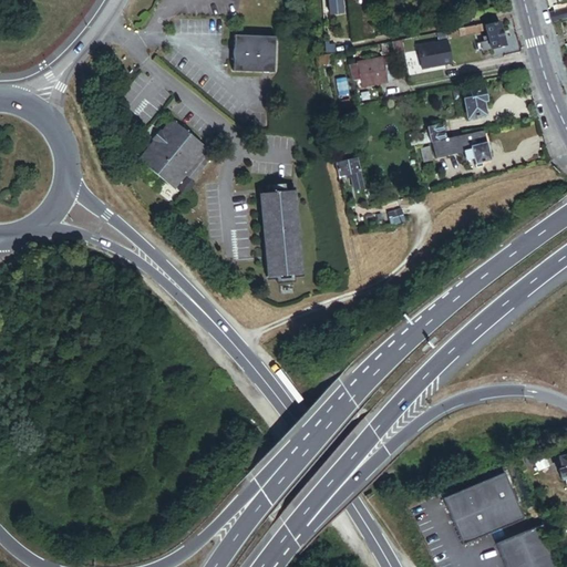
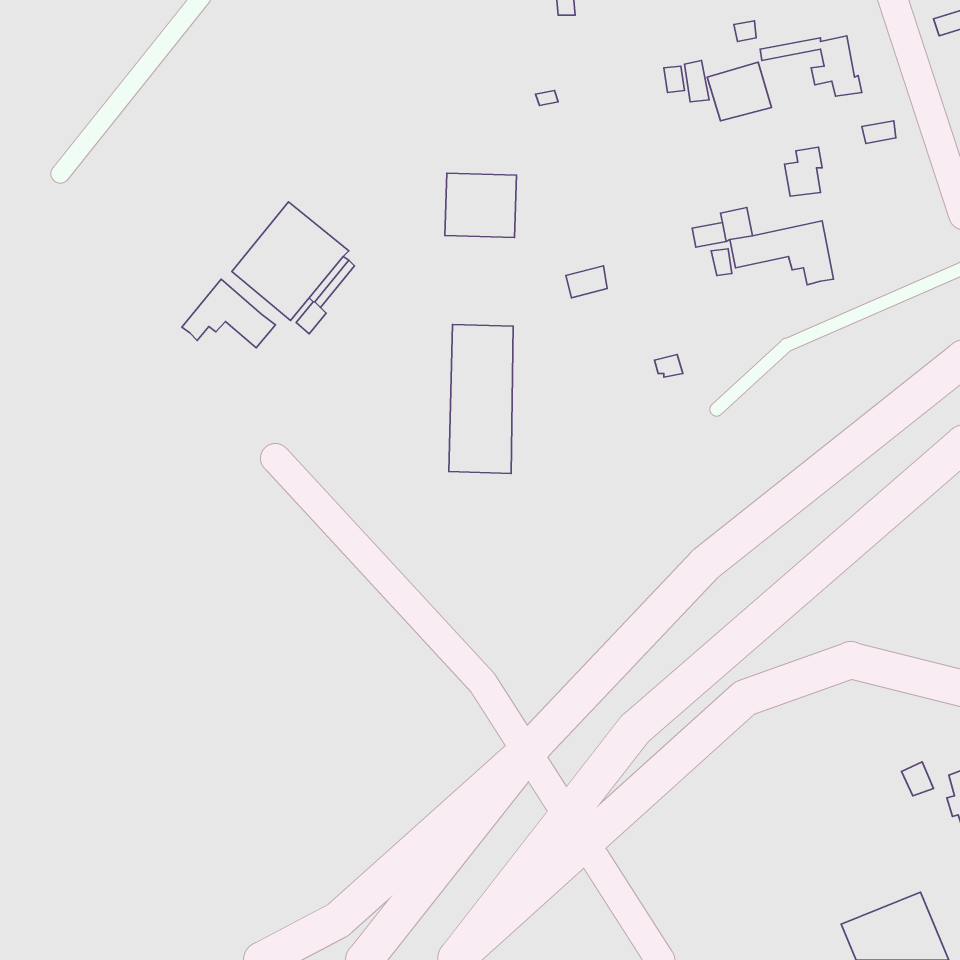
building: [231,34,274,72] -> [445,173,516,237]
building: [349,54,395,86] -> none
building: none -> [182,279,276,348]
building: [446,477,525,544] -> none

